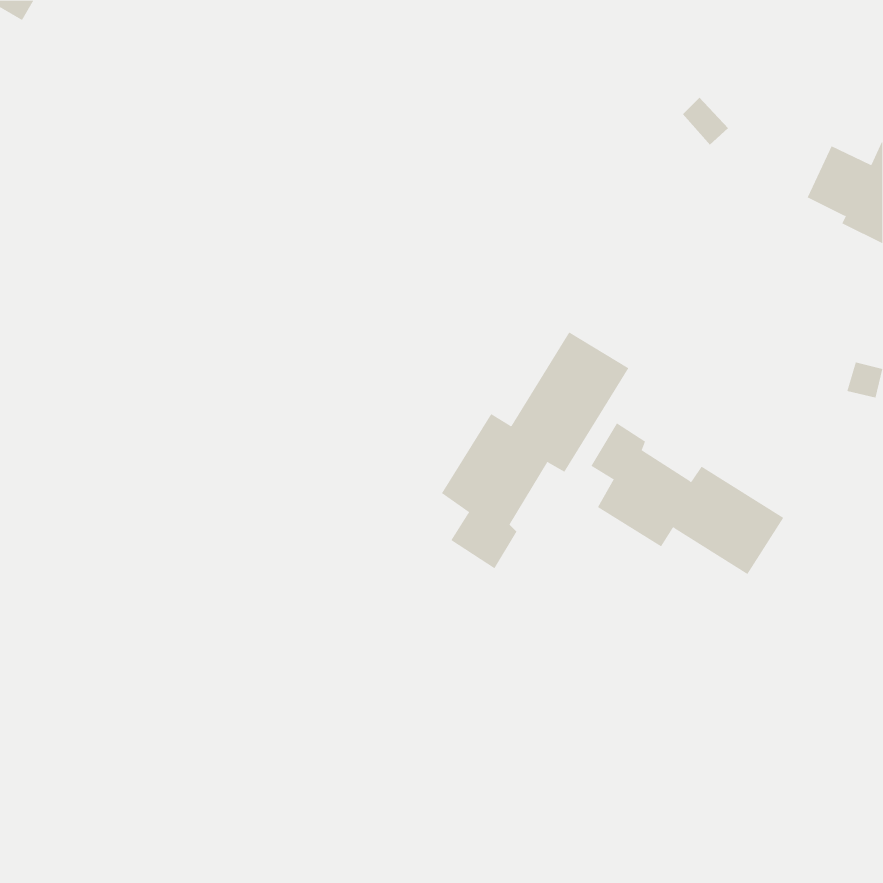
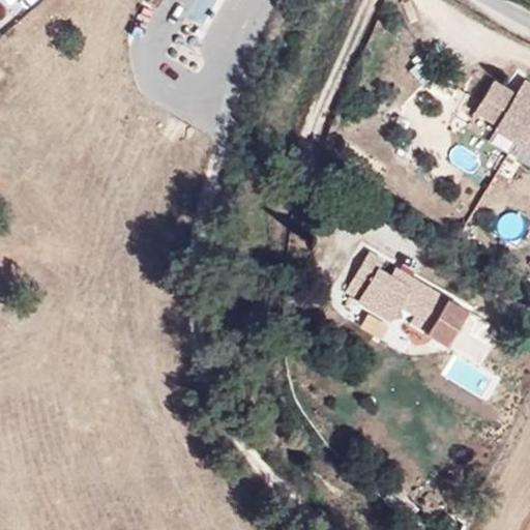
building: [441,331,629,569] -> none

